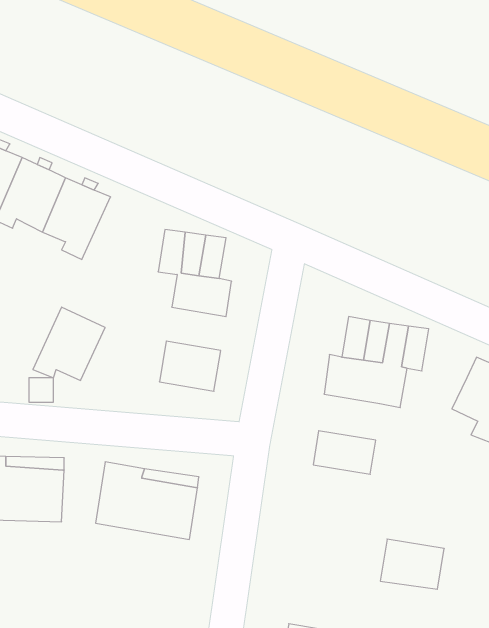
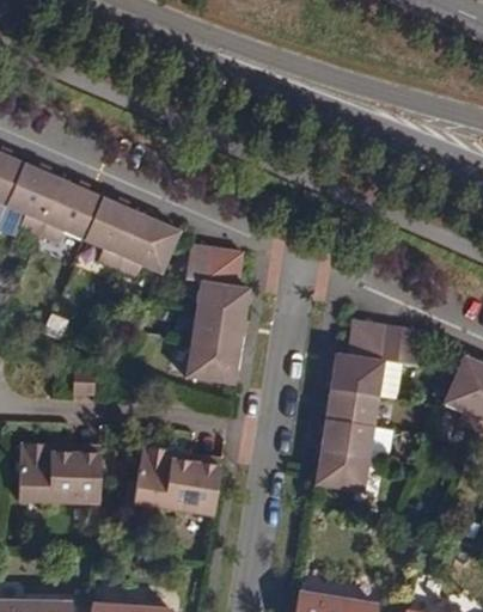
building: [33,307,105,380] -> [117,215,181,280]
building: none -> [191,312,244,350]
building: none -> [325,388,379,429]
building: [380,539,444,589] -> [314,451,371,495]

